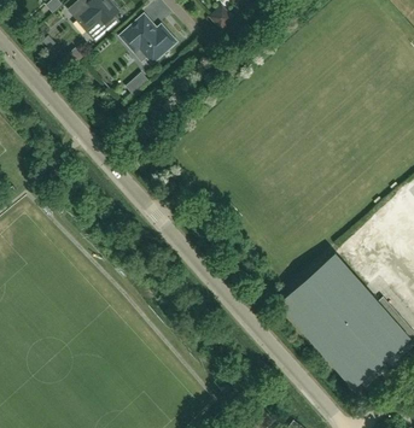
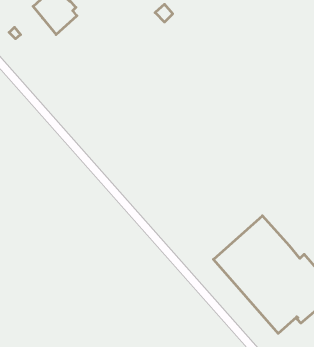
building: [121,14,175,63] -> none

